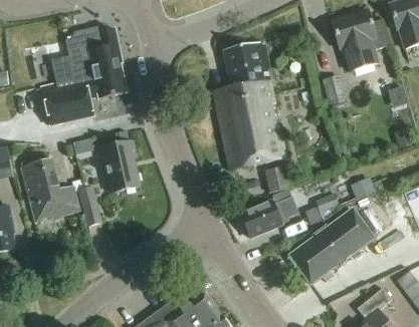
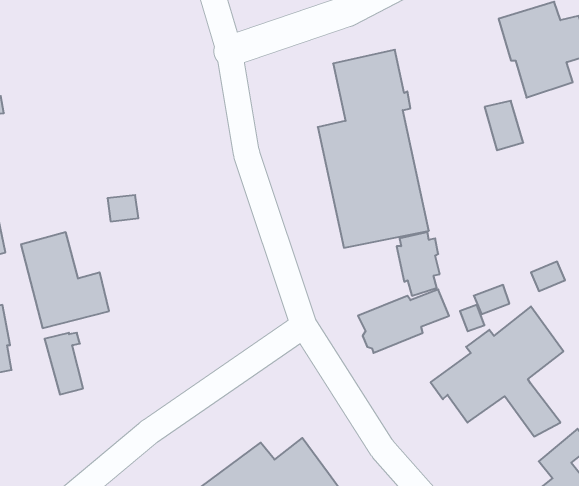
building: [41,26,126,123] -> none
building: [100,140,139,192] -> none
building: [76,184,101,224] -> [44,333,83,395]

